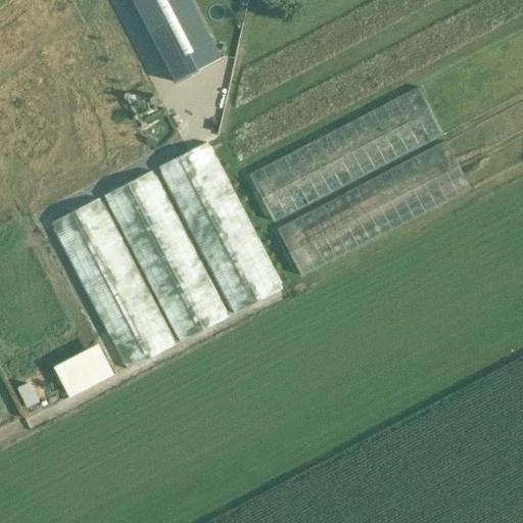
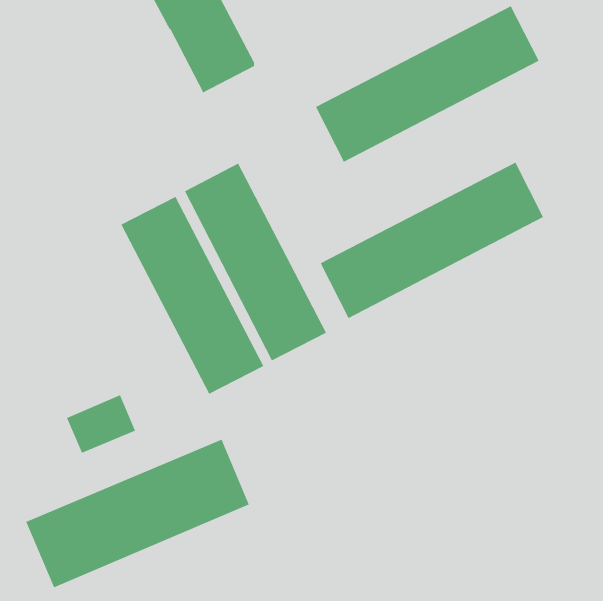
building: [249,86,443,222] -> [315,5,540,162]
building: [51,197,176,368] -> none
building: none -> [25,439,249,588]

